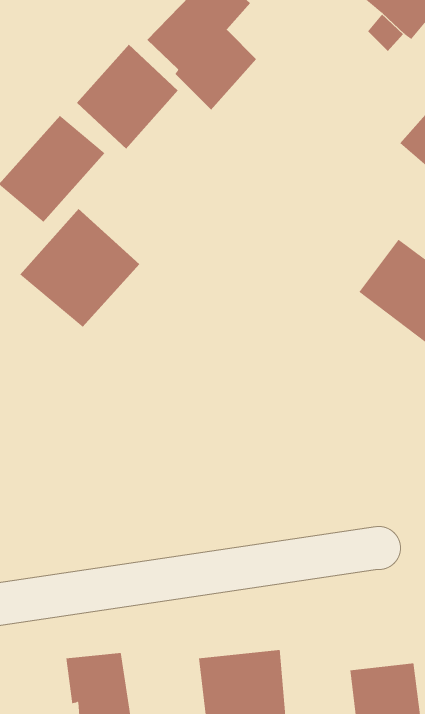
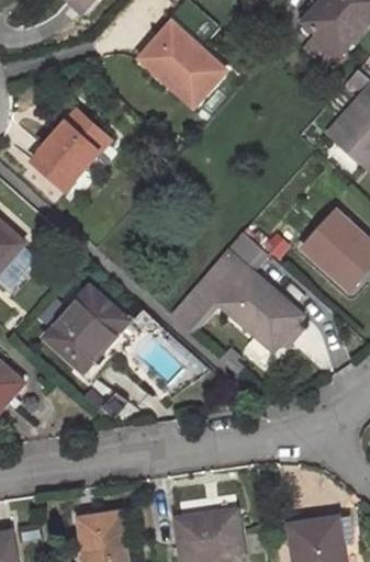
building: [76,44,179,150] -> none
building: [20,208,140,327] -> [43,288,133,376]
building: none -> [172,251,302,347]

